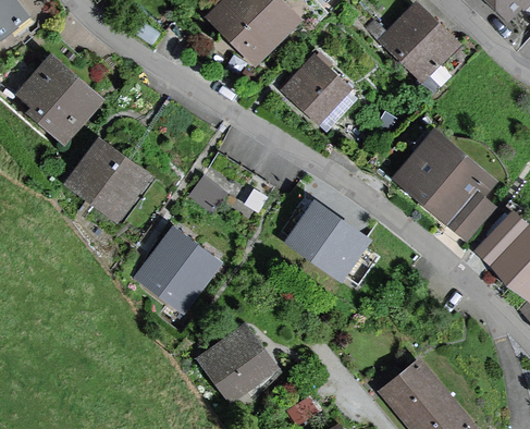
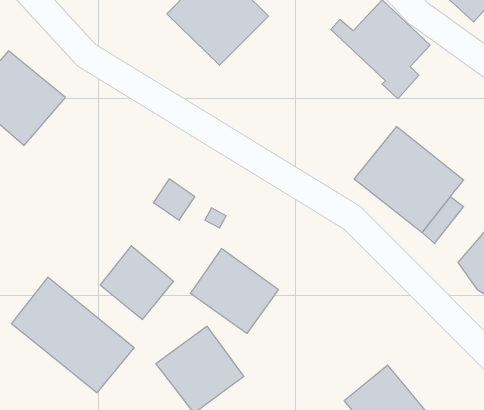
building: [284,53,357,125] -> none
building: [64,136,153,222] -> none
building: [284,203,370,285] -> [190,249,278,333]
building: none -> [11,277,134,393]

